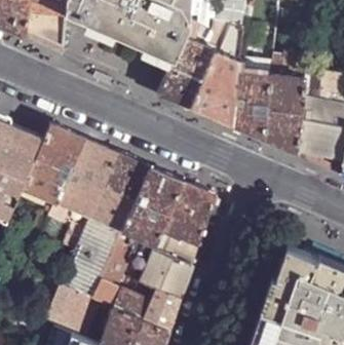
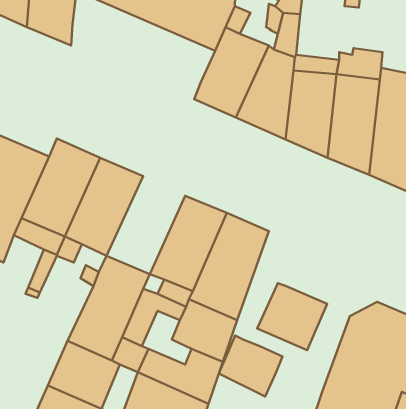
building: [90,156,152,233] -> none
building: none -> [257,283,327,350]
building: none -> [219,336,282,396]

